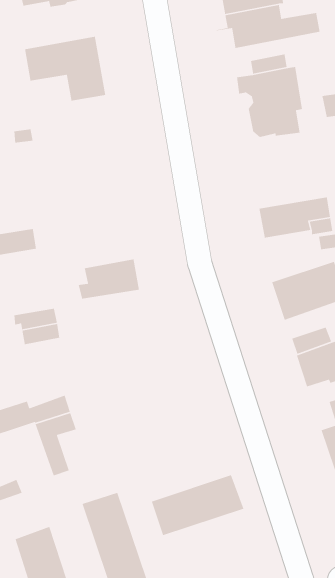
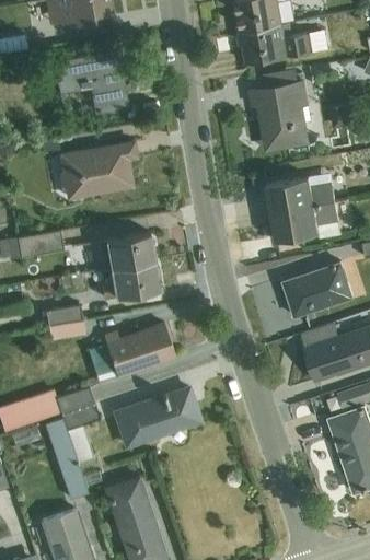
building: none -> [58,142,136,196]
building: none -> [265,173,334,212]
building: none -> [96,232,153,269]
building: none -> [86,324,174,382]
building: none -> [44,417,88,499]
building: [151,474,244,536] -> [112,387,199,445]

